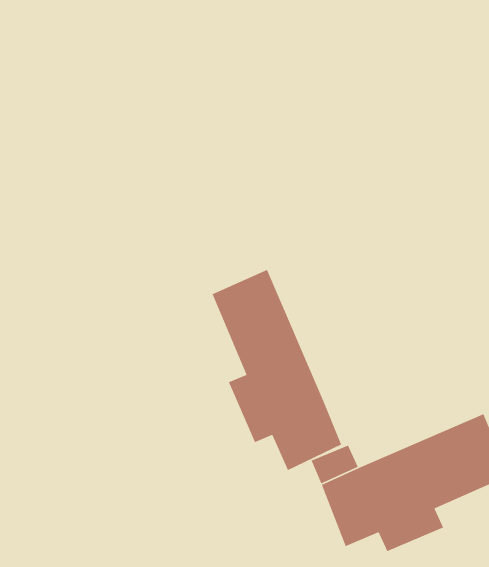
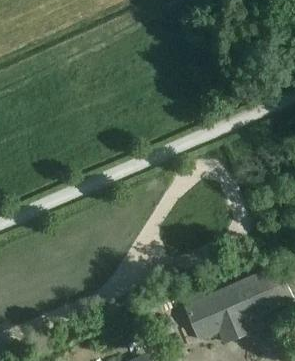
building: [211,269,342,471] -> none

